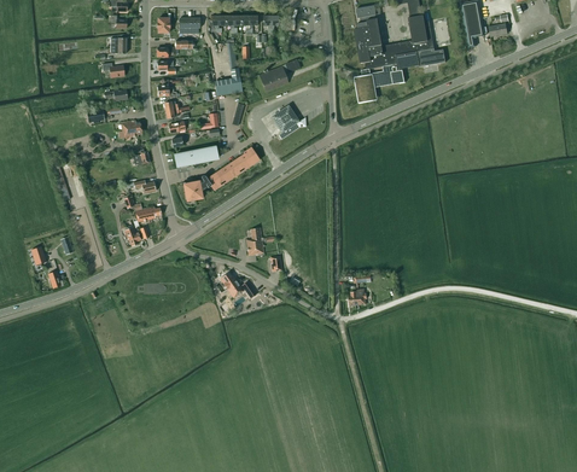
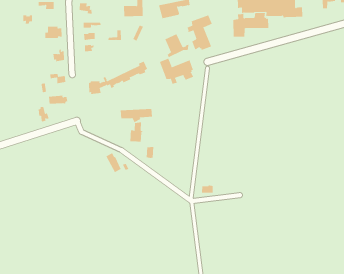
building: none -> [187,14,212,51]
building: none -> [159,58,194,85]
building: [173,146,216,168] -> [120,108,153,123]

